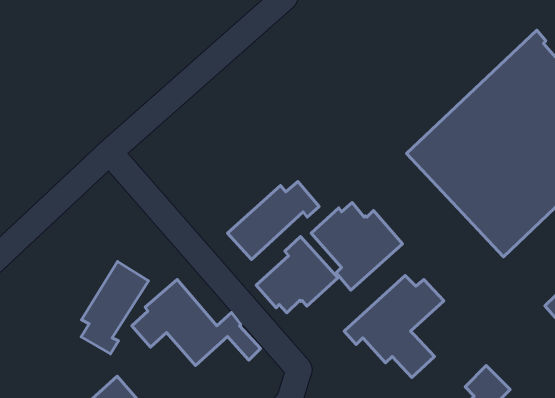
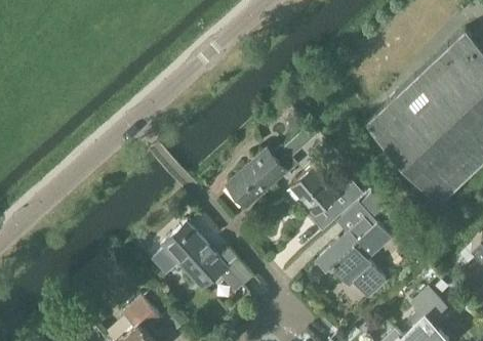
building: [256,236,338,313] -> none
building: [81,262,149,354] -> none

